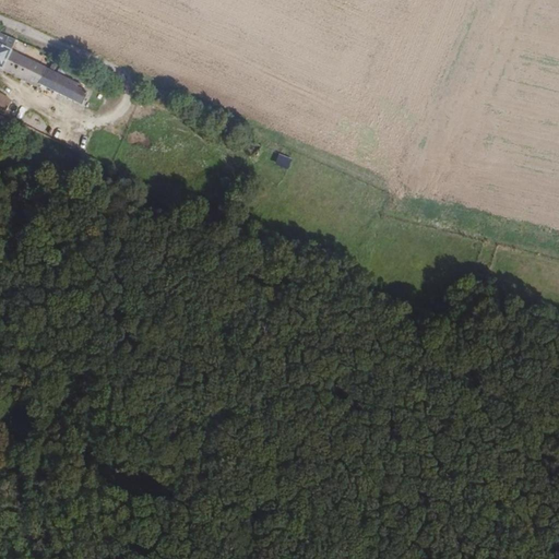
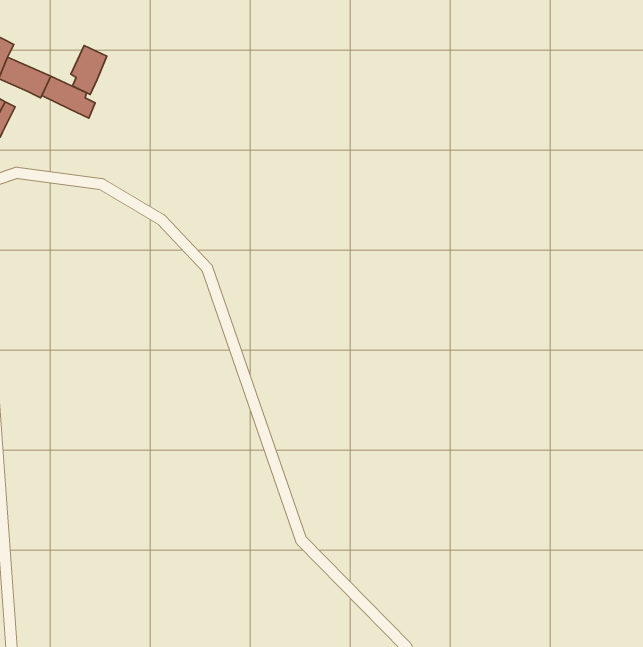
building: none -> [71,46,107,95]

